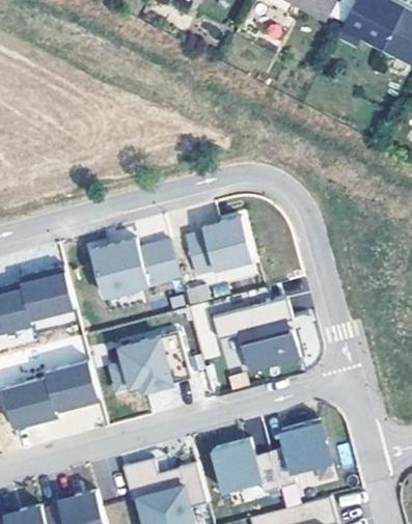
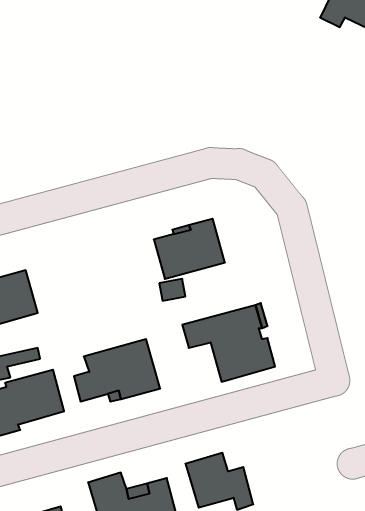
building: [89,243,177,300] -> none
building: [268,424,328,492] -> none

